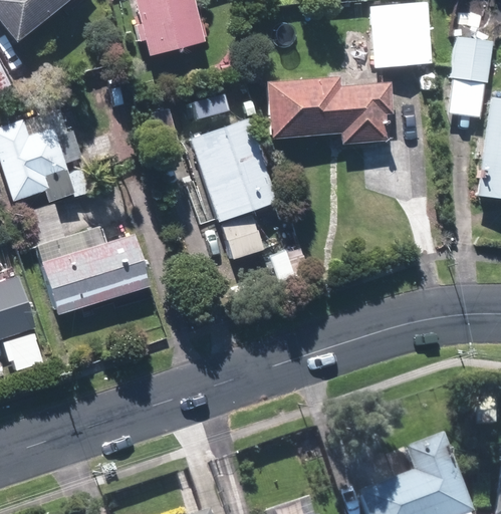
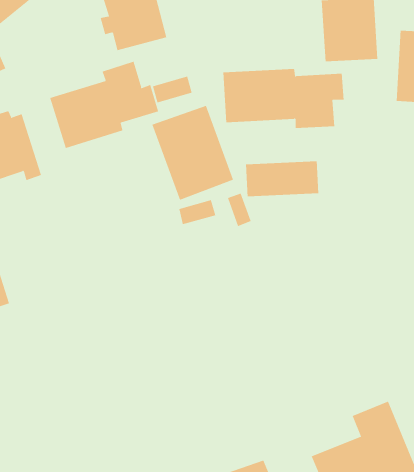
building: none -> [50,61,159,149]
building: none -> [245,160,319,197]
building: [35,224,152,316] -> none

